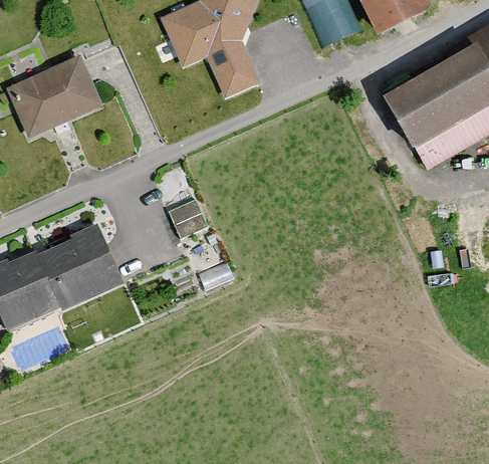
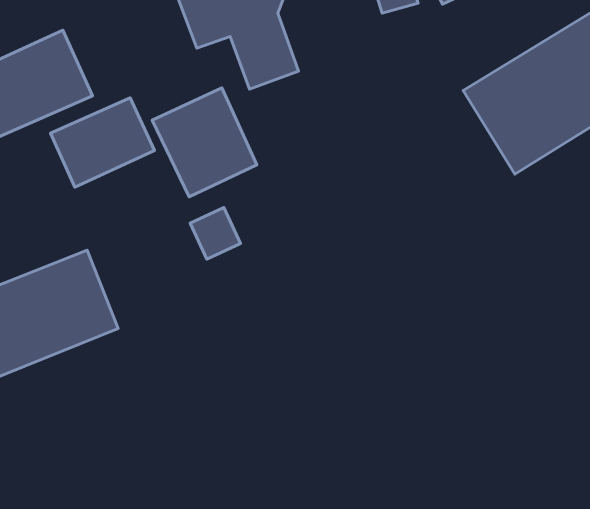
building: none -> [152,88,257,197]
building: none -> [51,98,155,187]

